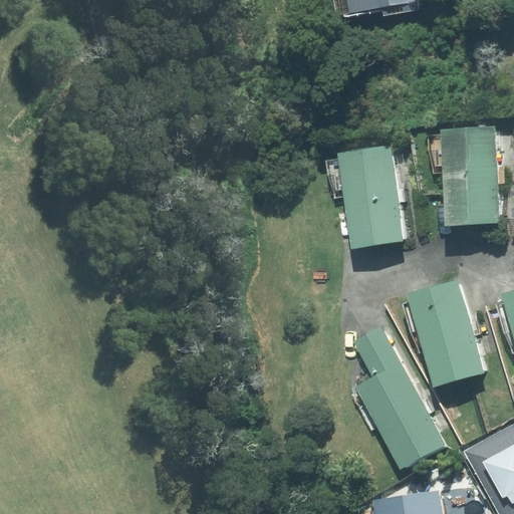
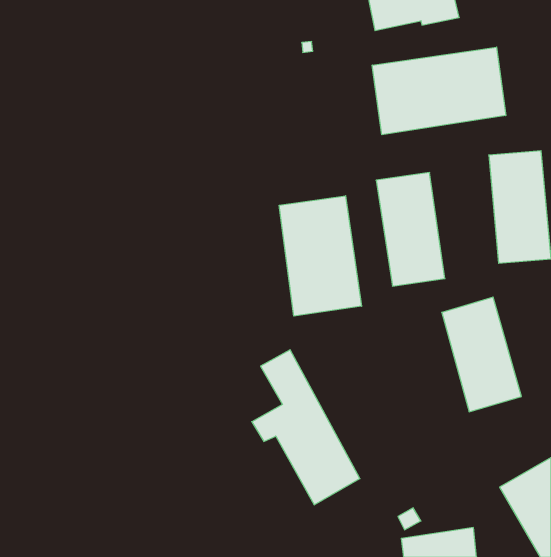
building: none -> [372,47,506,135]
building: none -> [279,196,362,316]
building: [340,321,440,464] -> [252,350,360,505]

